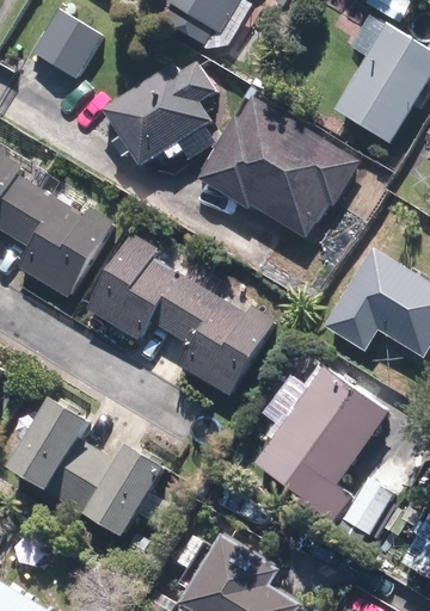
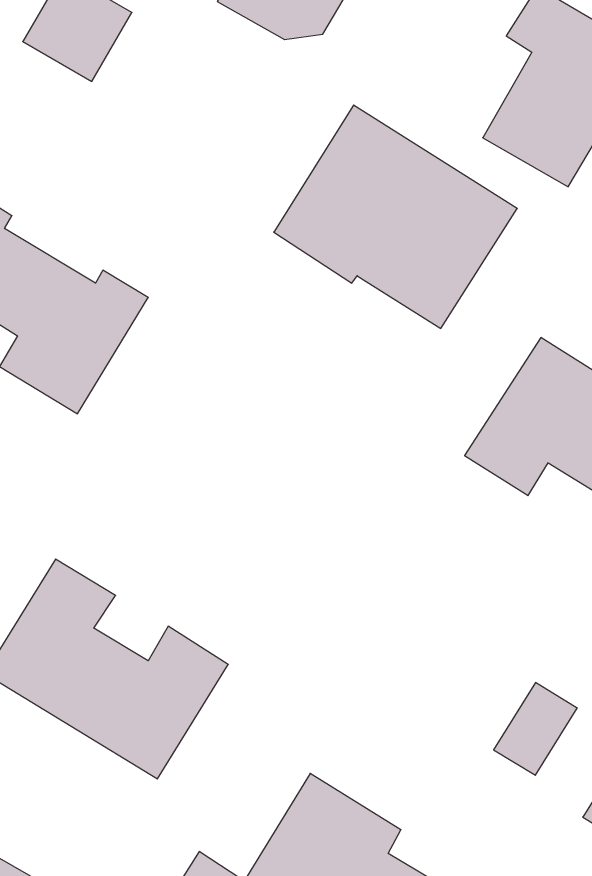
building: [102,61,219,168] -> none
building: [87,234,278,397] -> none
building: [253,364,389,526] -> none

